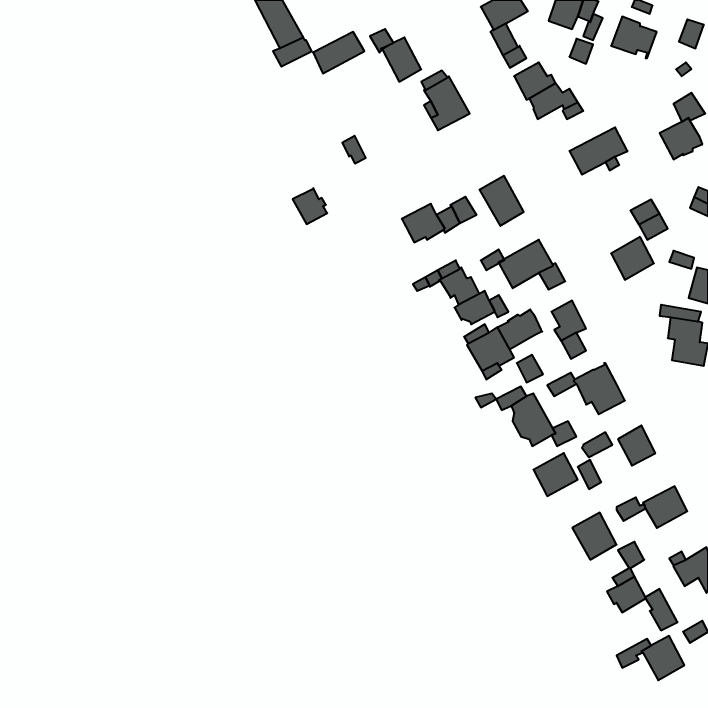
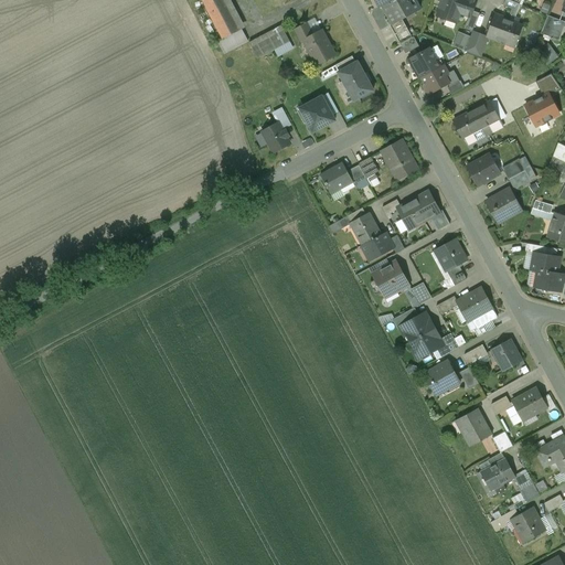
building: none -> [303,96,335,132]
building: [293,188,327,224] -> [263,124,290,152]
building: none -> [467,153,500,185]
building: [498,309,542,349] -> none

